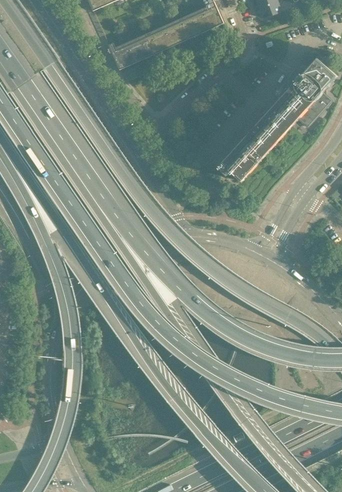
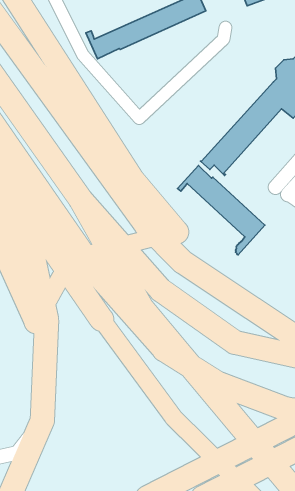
building: none -> [178,165,265,255]

